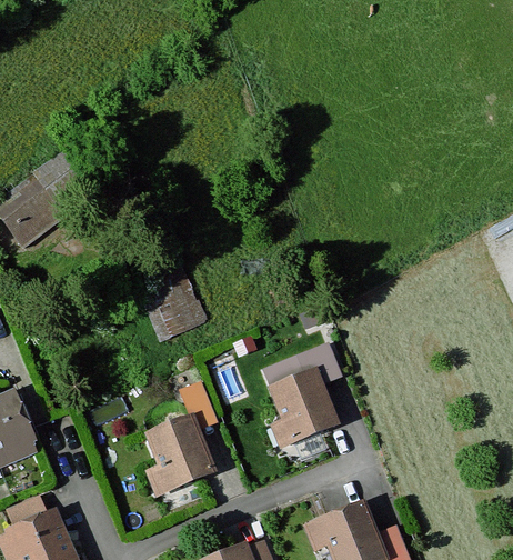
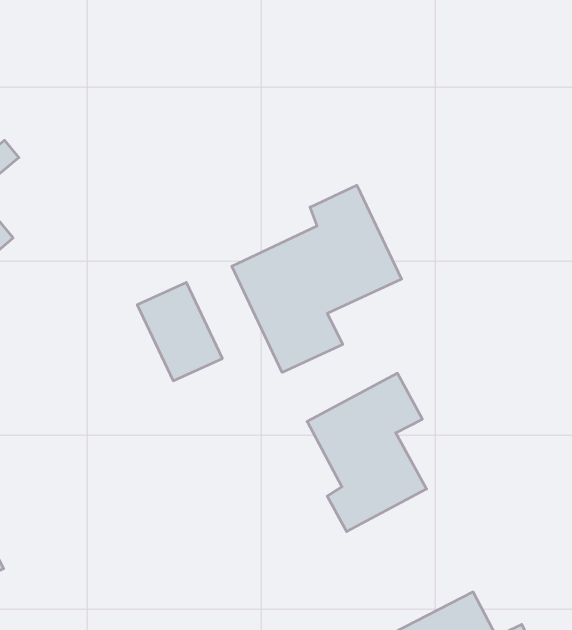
building: none -> [232,185,402,372]
building: [144,382,217,499] -> none

